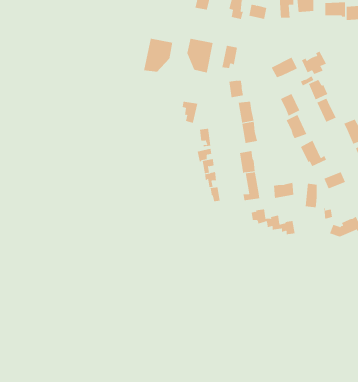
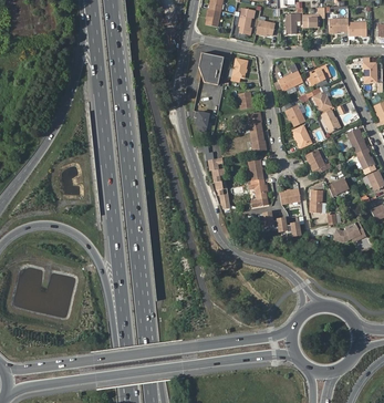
building: [144,38,173,73] -> none

